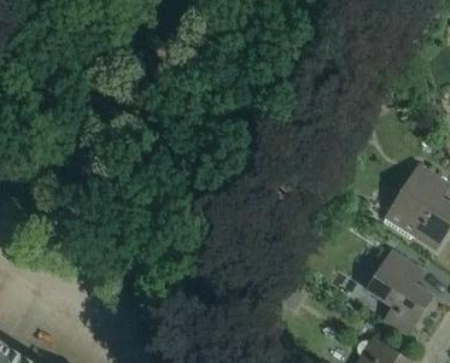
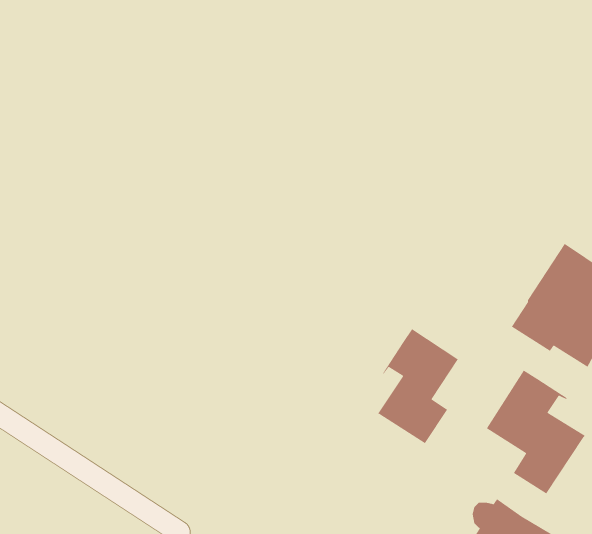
building: none -> [377,328,459,444]

